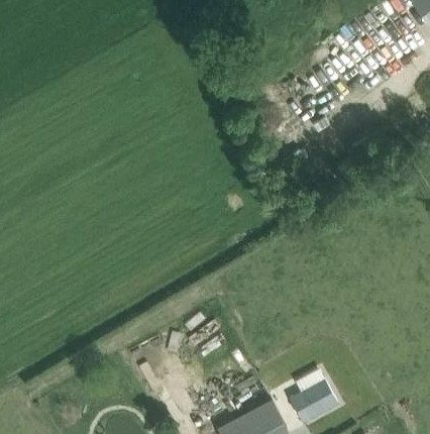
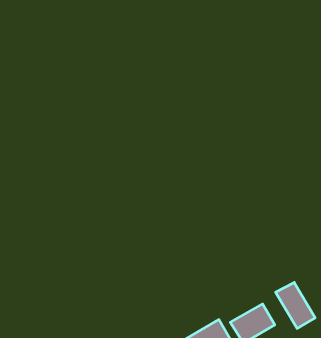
building: none -> [276,282,315,328]

